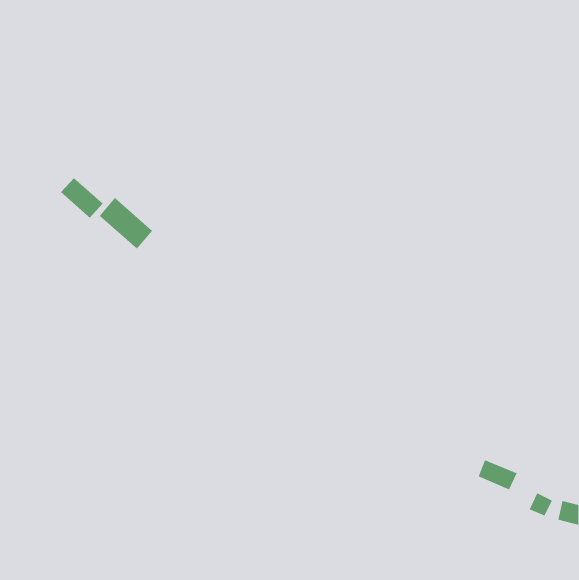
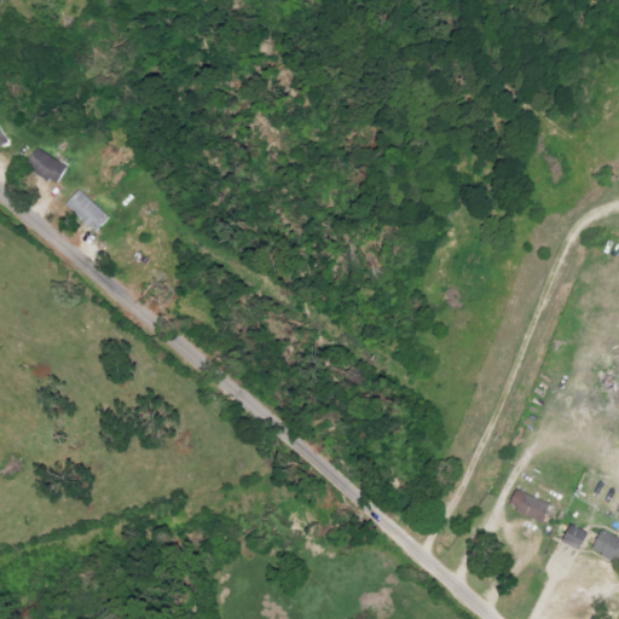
building: none -> [25,149,66,183]
building: [99,197,153,250] -> none

